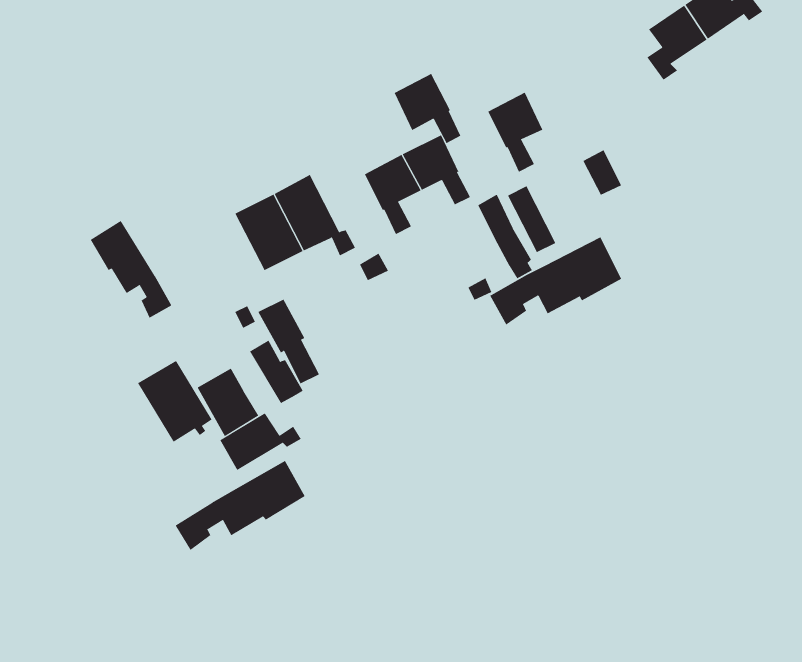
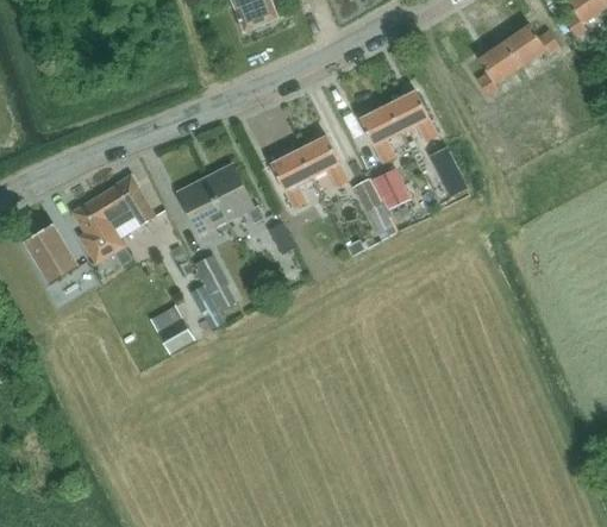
building: [394,73,461,144] -> [388,89,437,140]
building: none -> [95,172,156,237]
building: [490,236,622,326] -> none
building: [137,360,213,442] -> [24,222,79,282]
building: [219,412,301,471] -> none
building: [175,460,306,551] -> none

